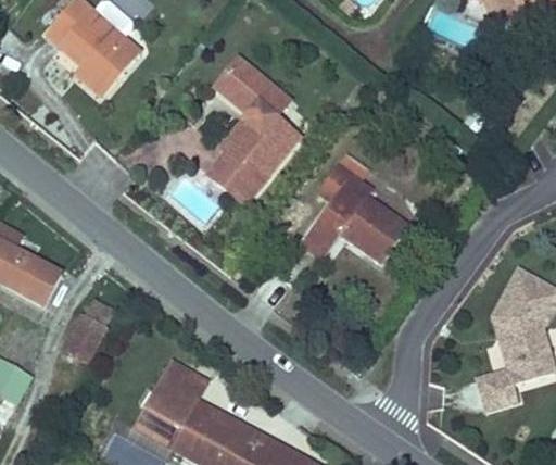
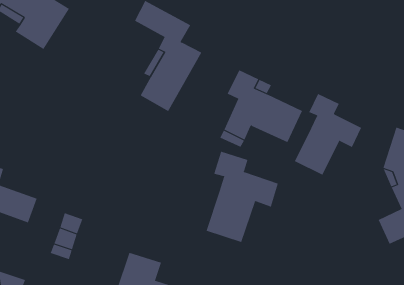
building: none -> [294,93,362,175]
building: none -> [206,151,279,243]

